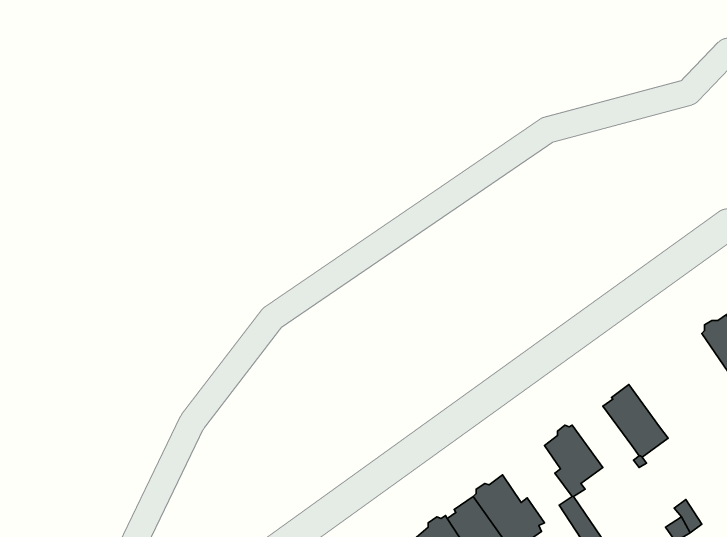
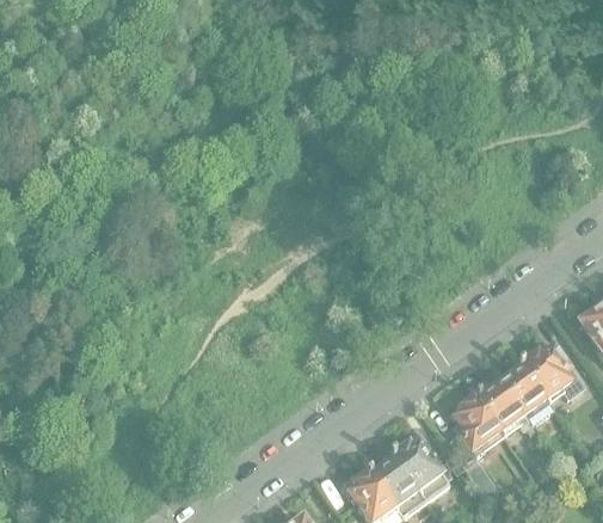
building: none -> [521,344,580,396]
building: none -> [474,380,523,430]

